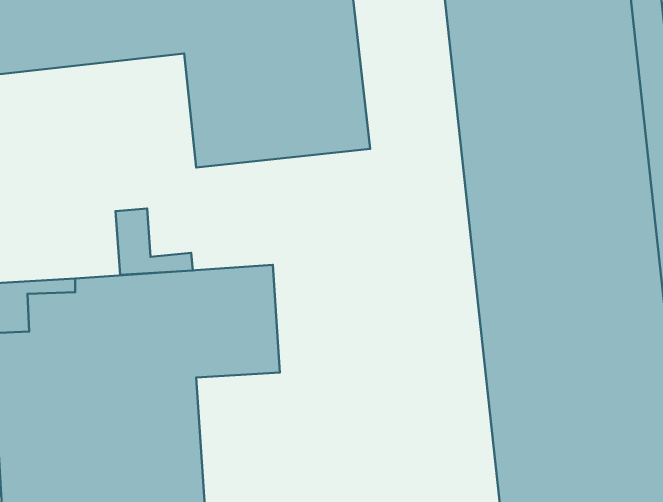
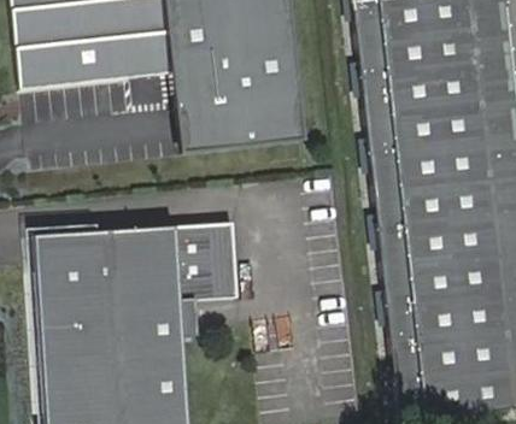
building: [115,209,193,275] -> none

